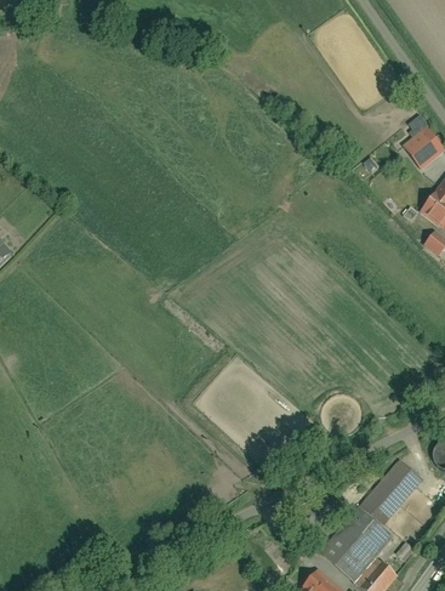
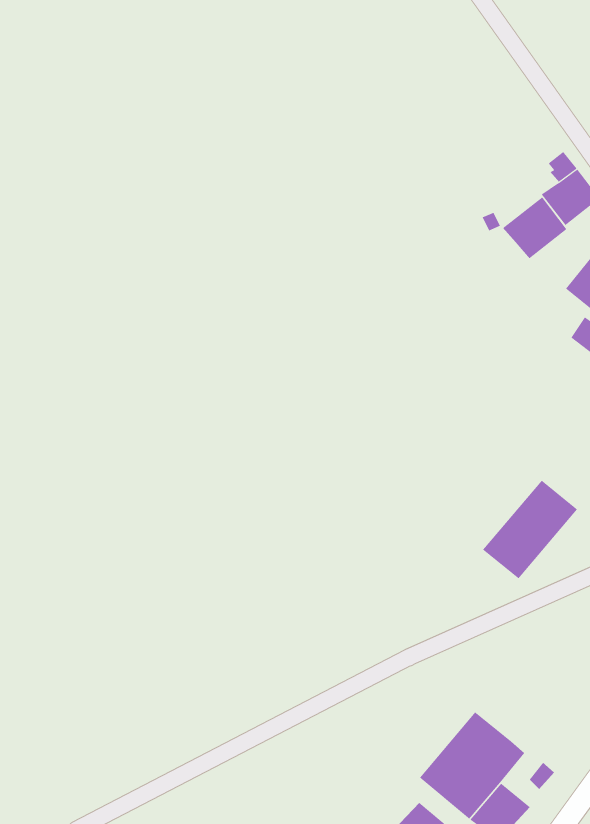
building: none -> [502,196,567,259]
building: [356,458,423,527] -> [482,480,578,579]

